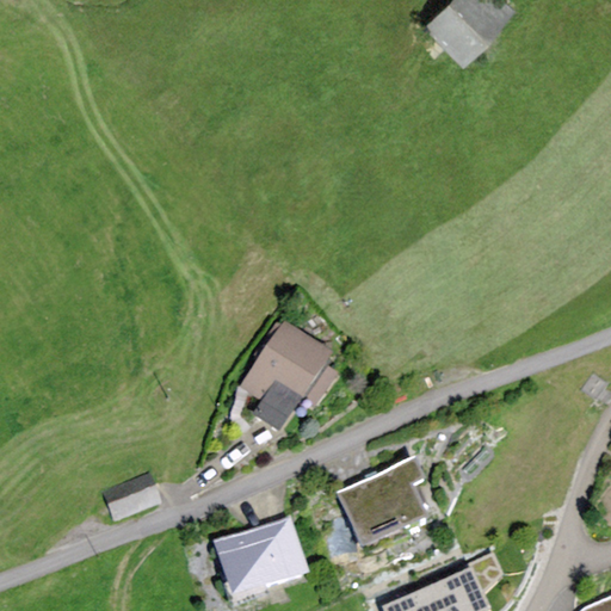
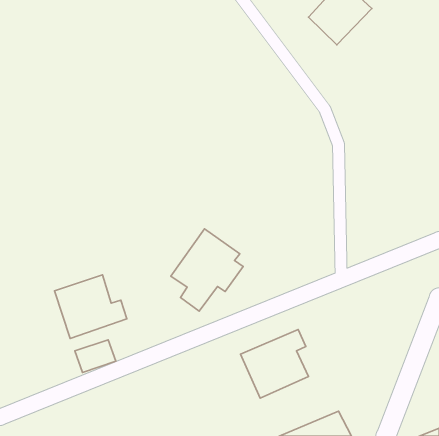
building: none -> [55,275,127,339]
building: [217,518,308,597] -> none

